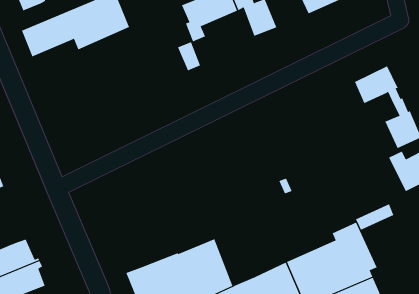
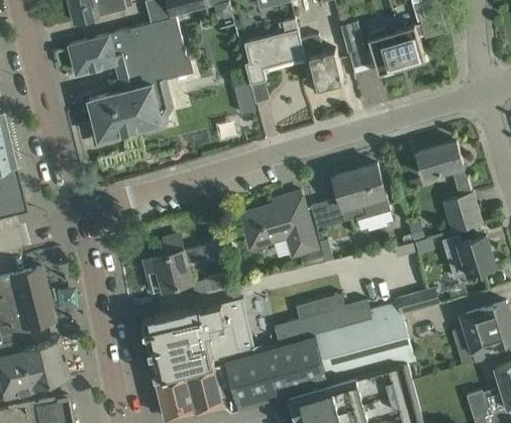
building: none -> [89,59,189,144]
building: none -> [310,165,390,230]
building: none -> [239,192,317,256]
building: none -> [145,236,231,296]
building: none -> [274,294,349,346]

